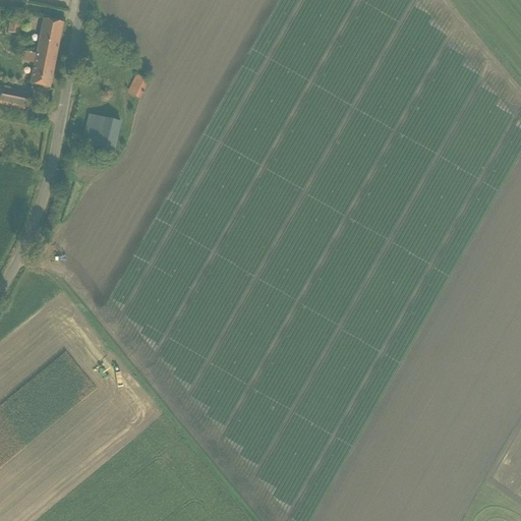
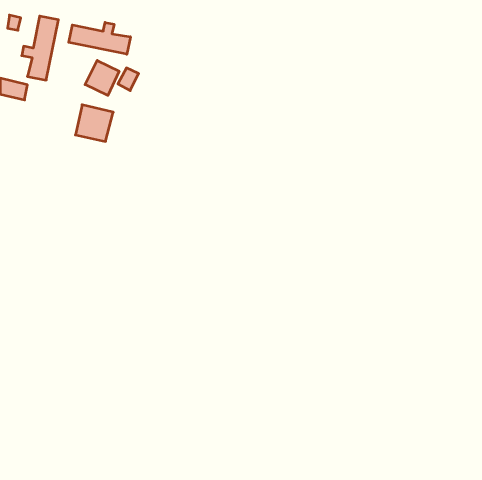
building: none -> [69,22,130,54]
building: none -> [85,60,119,95]

